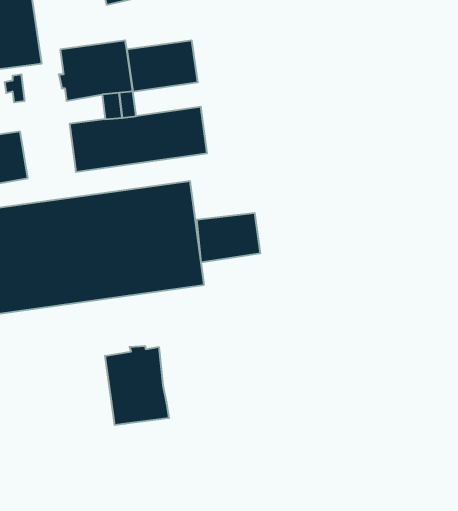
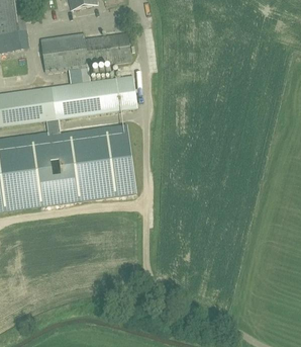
building: none -> [14,87,51,122]
building: [197,213,260,263] -> none
building: [105,346,169,425] -> none

